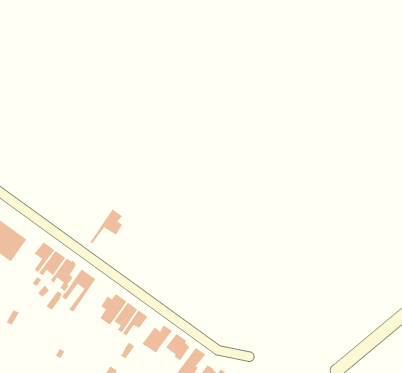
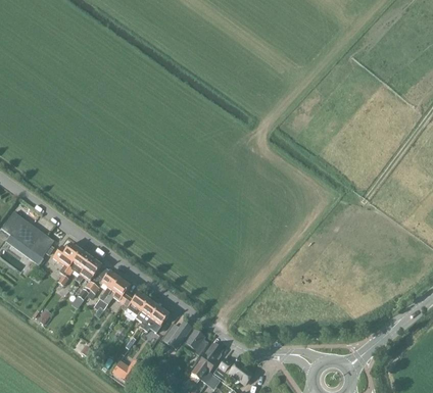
building: [89,209,123,244] -> [98,279,130,312]

